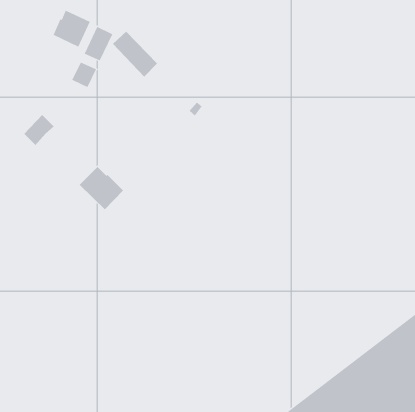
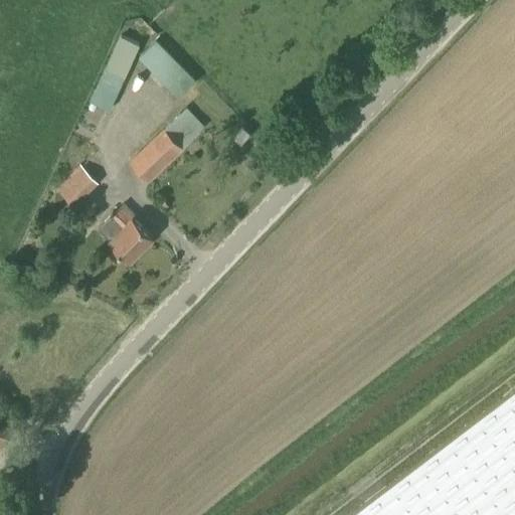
building: [53,10,91,47] -> none
building: none -> [131,112,206,184]
building: [23,114,54,146] -> [59,171,98,210]

